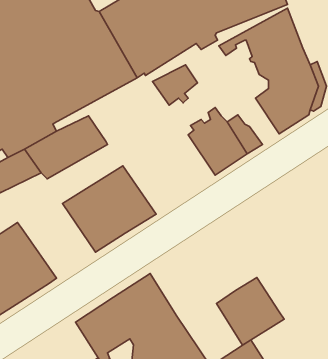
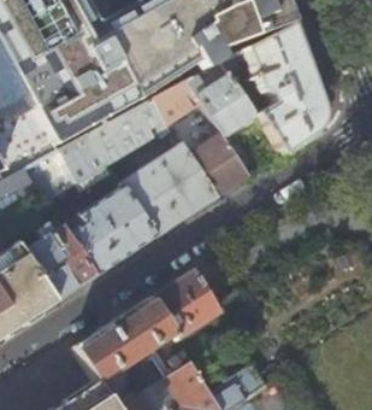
building: none -> [194,62,261,133]
building: none -> [95,98,179,159]
building: none -> [129,141,224,233]
building: none -> [29,221,102,298]
building: [216,278,284,345] -> [158,266,226,335]

